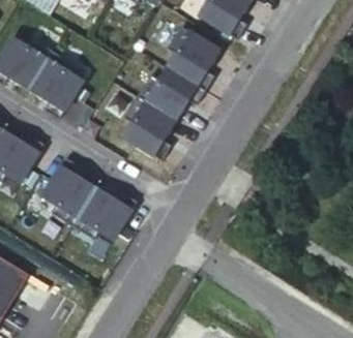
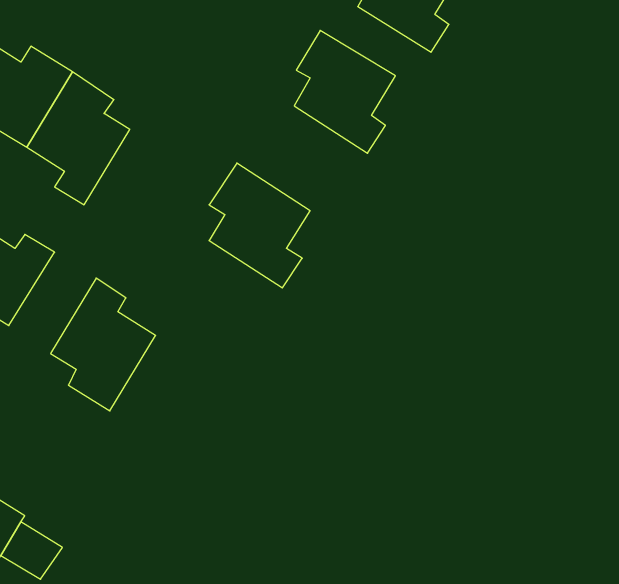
building: [138,67,206,122] -> none
building: [71,187,136,240] -> none

